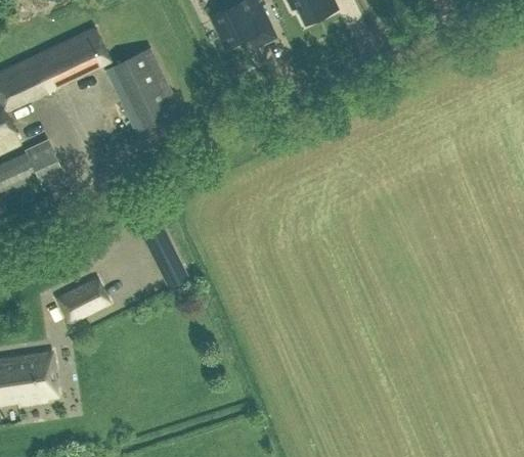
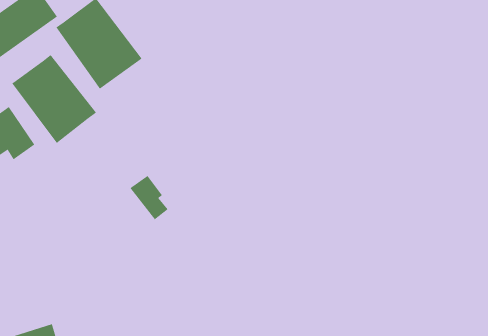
building: none -> [11,54,97,144]
building: [57,280,106,321] -> none

